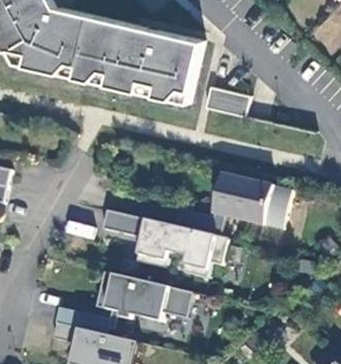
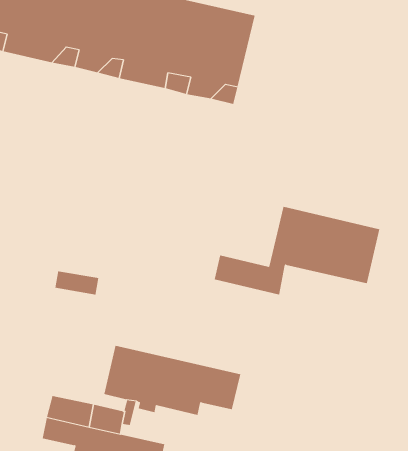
building: [203,85,249,115] -> none
building: [100,210,226,277] -> none

